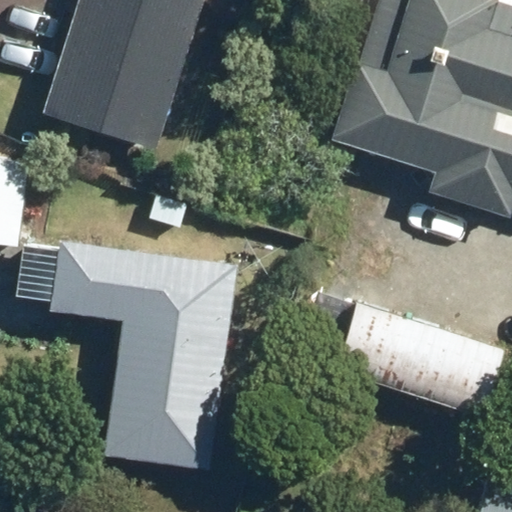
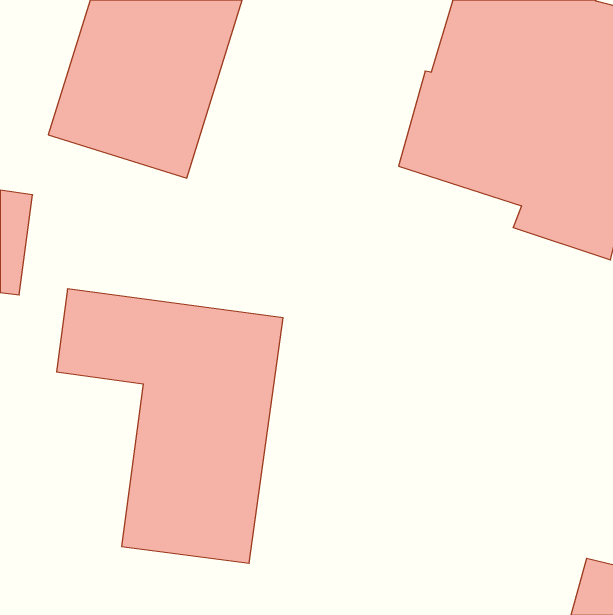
building: [333,302,502,416] -> none

